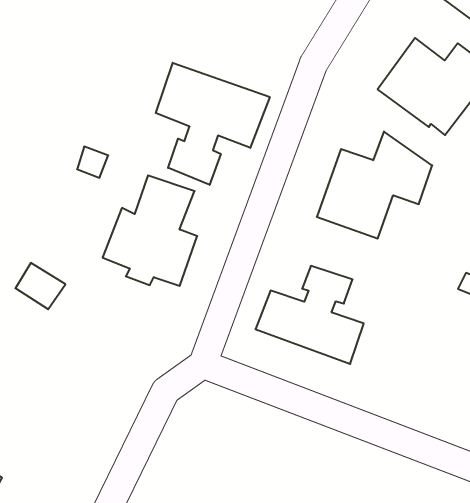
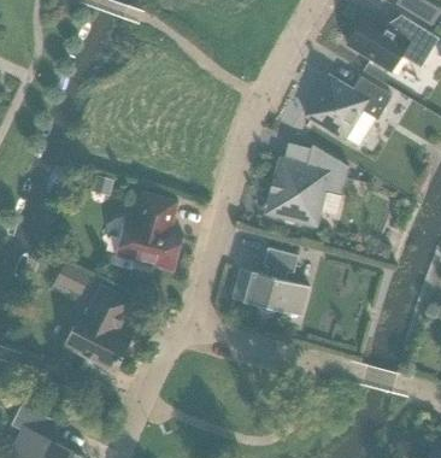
building: [156,63,270,185] -> none
building: none -> [64,286,130,370]

